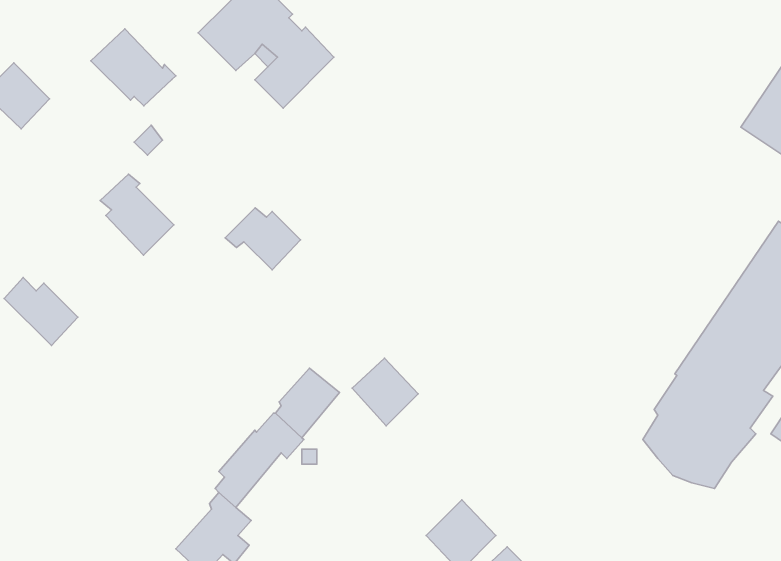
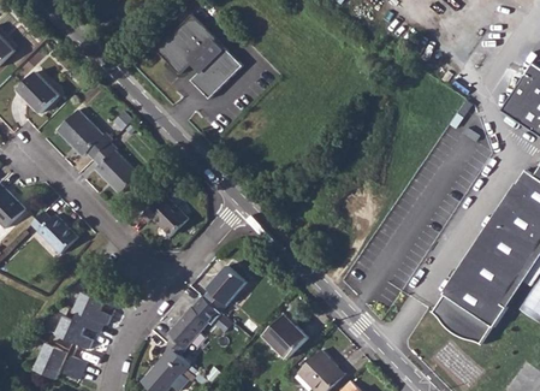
building: [91,29,176,106] -> [57,109,111,159]
building: [225,208,301,270] -> [138,197,186,237]
building: [352,358,418,426] -> [265,314,307,357]
building: none -> [34,288,120,380]

